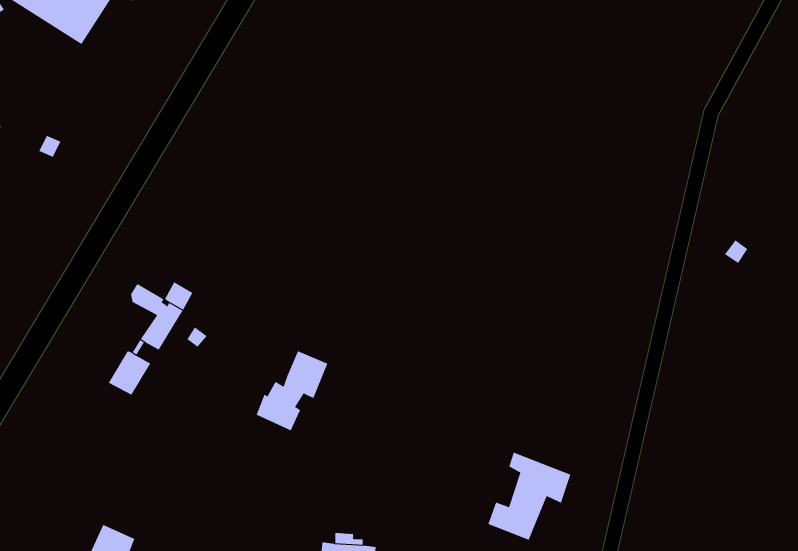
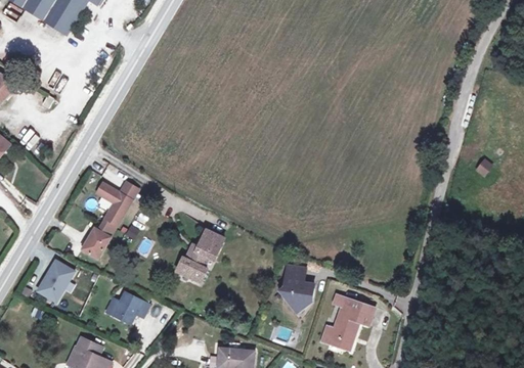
building: none -> [37,259,74,301]
building: none -> [287,265,317,309]
building: none -> [105,293,147,324]

